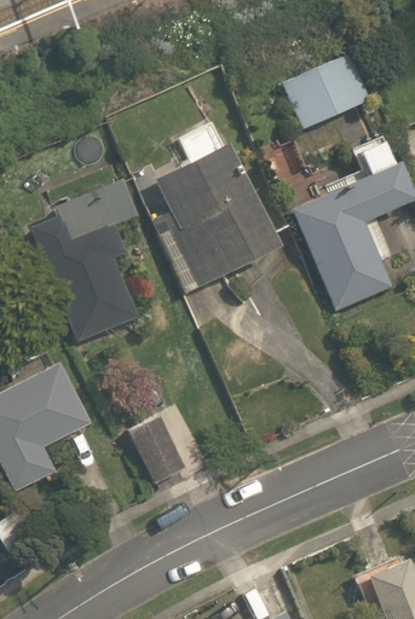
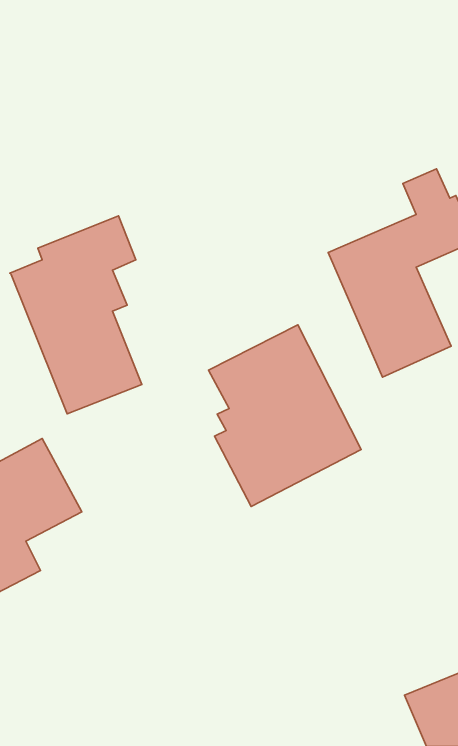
building: [283,54,370,129] -> none
building: [154,143,279,293] -> [209,325,361,507]
building: [126,415,185,484] -> none

